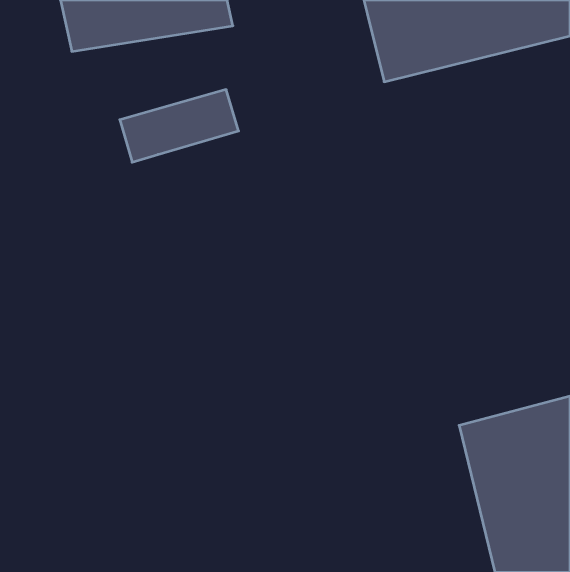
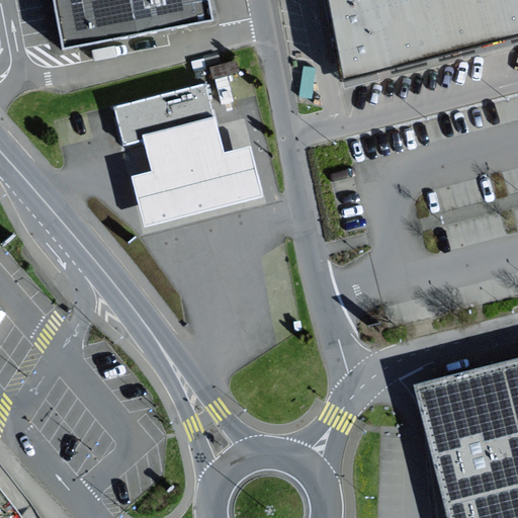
building: none -> [133,118,265,229]

